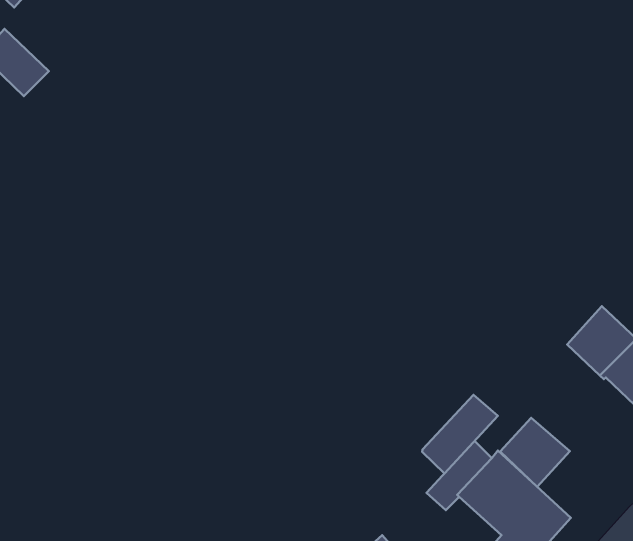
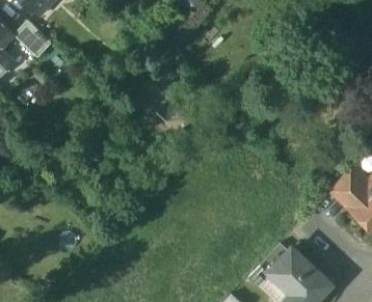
building: [422,395,498,473] -> none
building: [500,418,570,487] -> none

